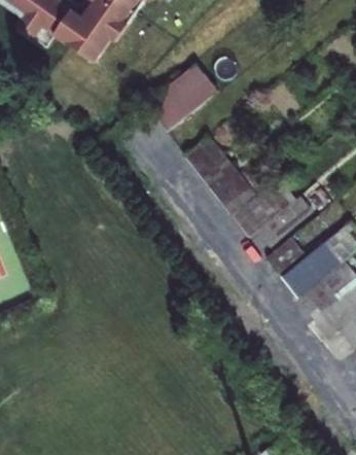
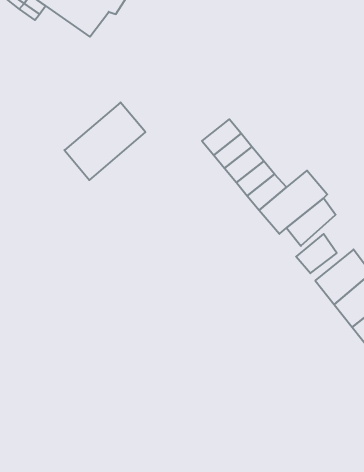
building: [147,63,217,130] -> [64,102,145,180]

